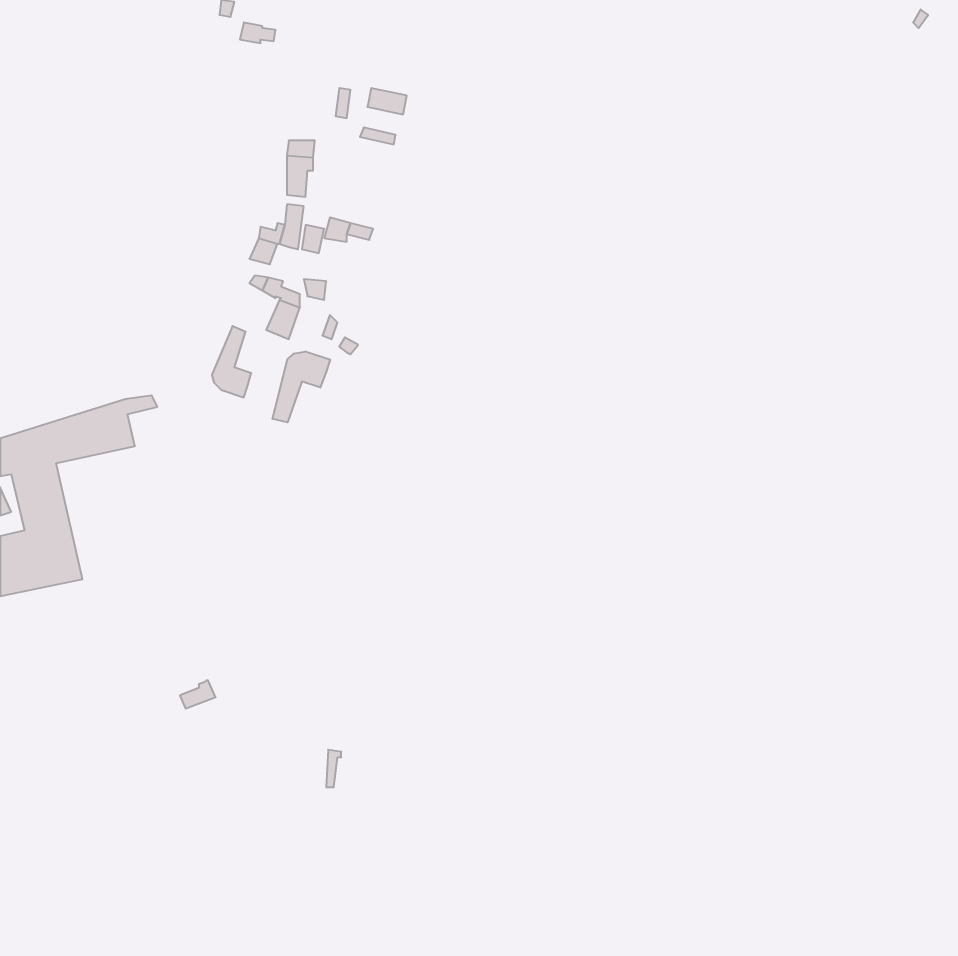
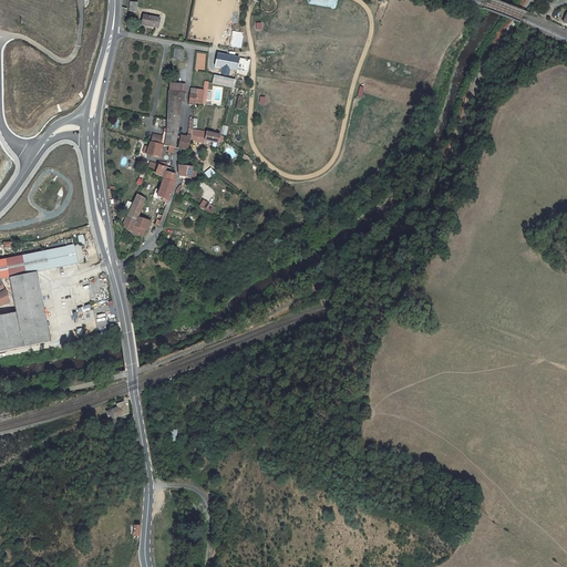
building: [272,351,330,422] -> none

